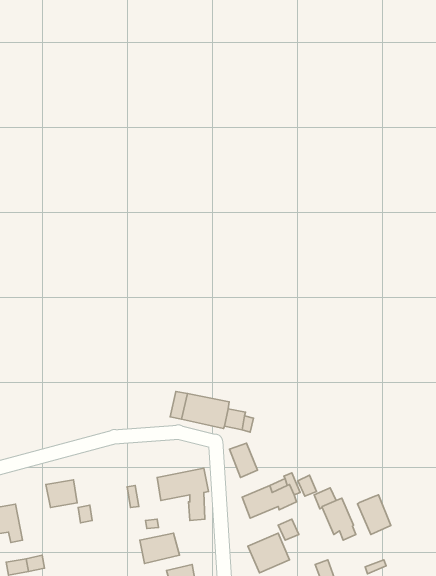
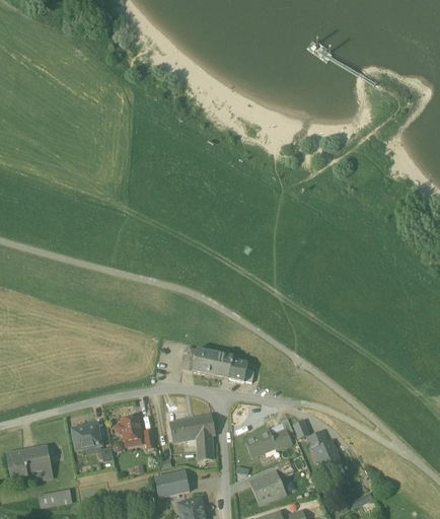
building: [229,443,258,477] -> none
building: none -> [117,417,141,439]
building: [358,495,391,534] -> none

